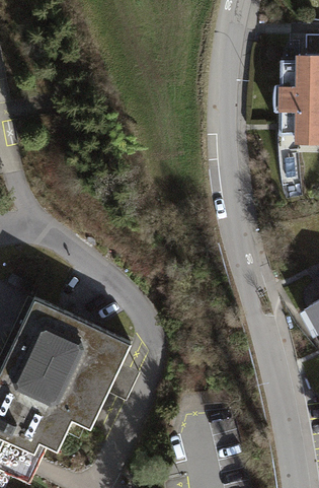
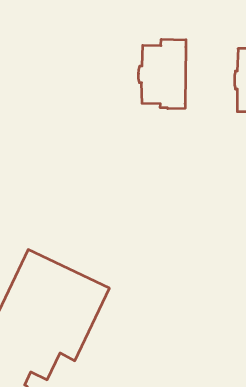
building: none -> [138,39,186,109]

